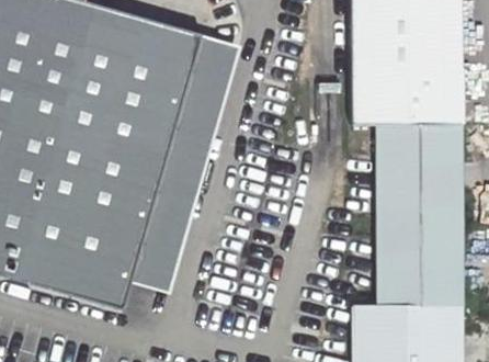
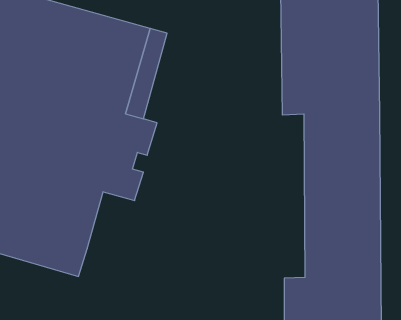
building: [135,217,180,287] -> none

